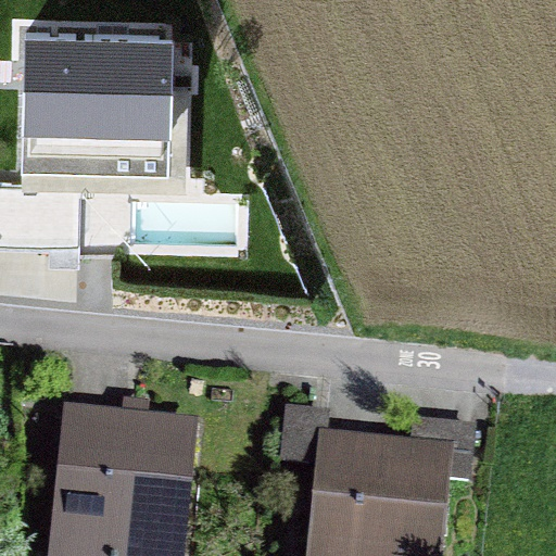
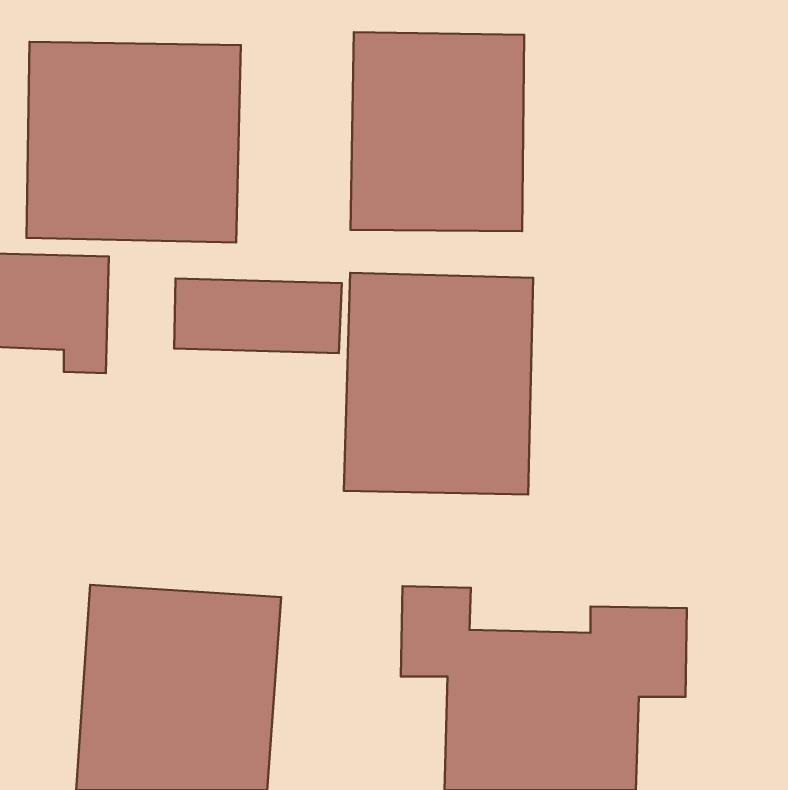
building: none -> [351,32,524,231]
building: none -> [344,273,533,494]

